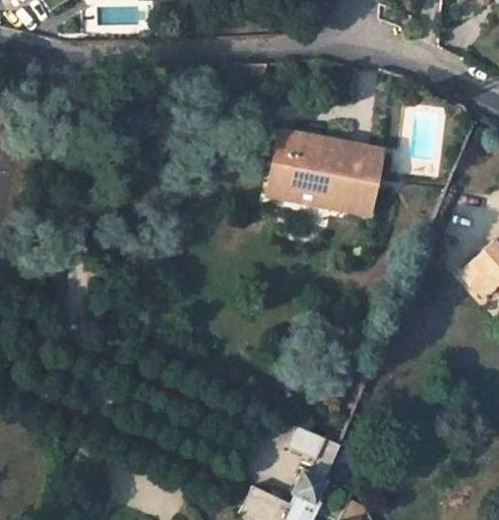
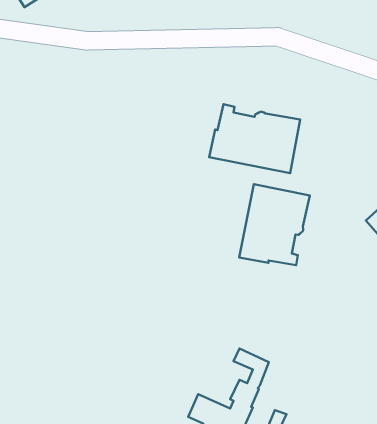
building: none -> [239,184,310,265]

